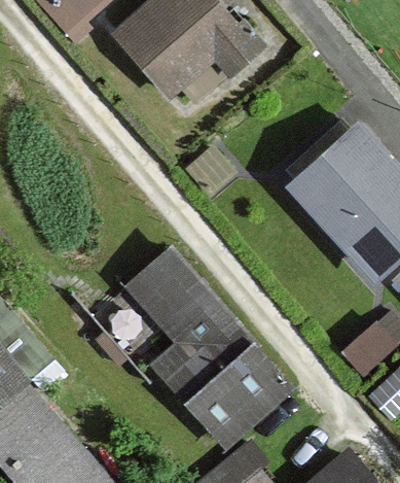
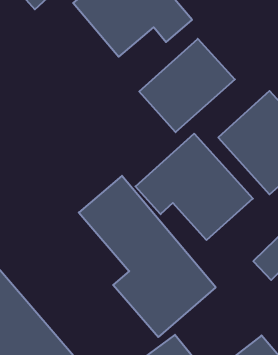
building: none -> [139,39,235,132]
building: none -> [135,134,253,240]

